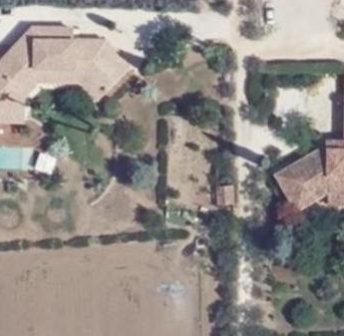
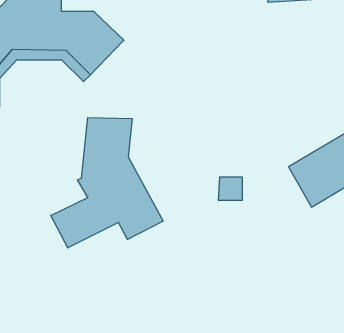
building: none -> [51,118,163,248]

